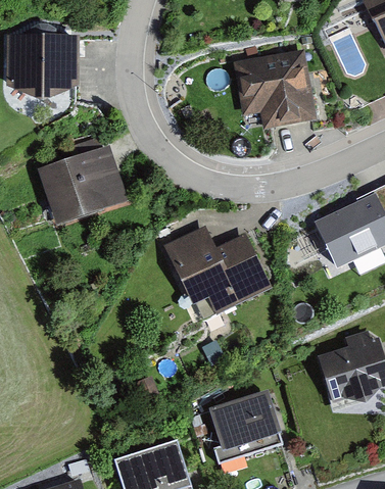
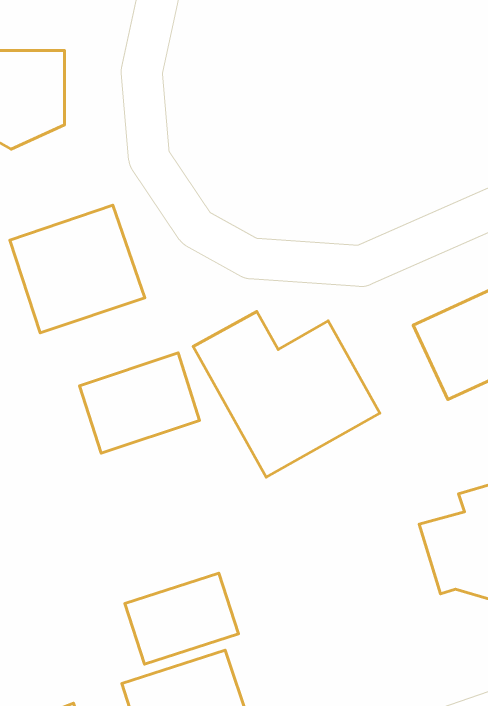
building: [234,42,318,125] -> none
building: none -> [80,353,200,453]
building: [209,391,286,452] -> [125,573,239,664]

